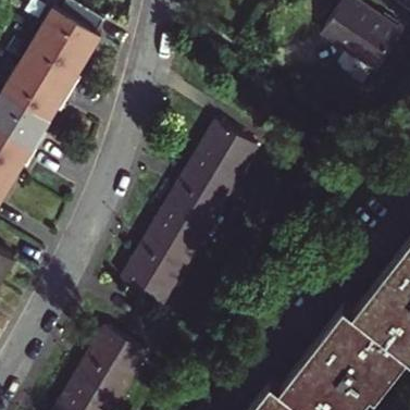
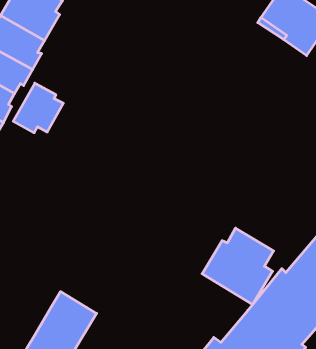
building: none -> [13,83,63,133]
building: [124,128,256,307] -> none
building: none -> [202,228,274,304]

